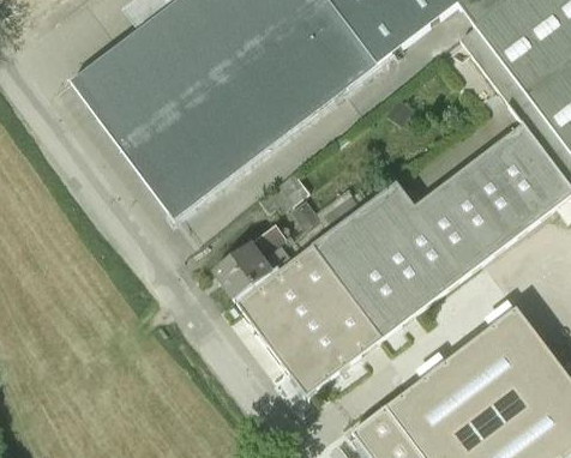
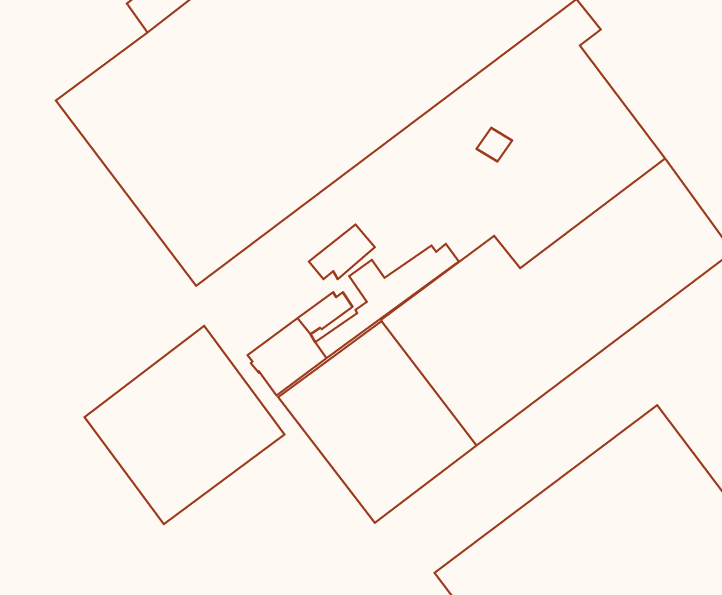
building: none -> [85,326,284,524]

